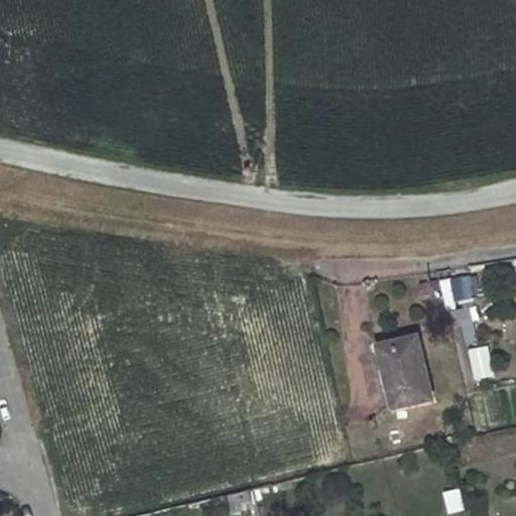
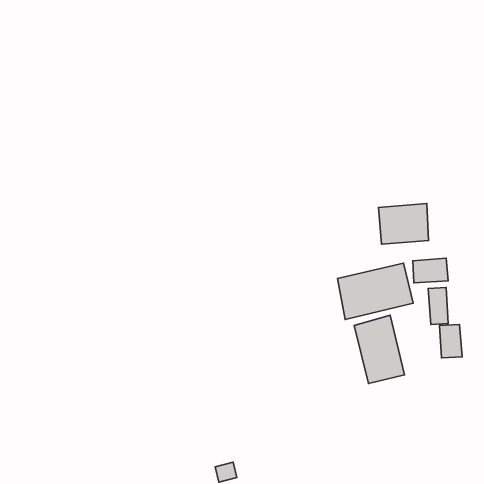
building: none -> [378,203,429,244]
building: none -> [337,263,413,319]

